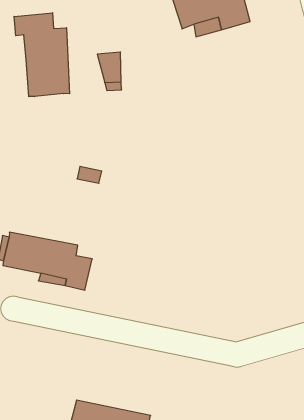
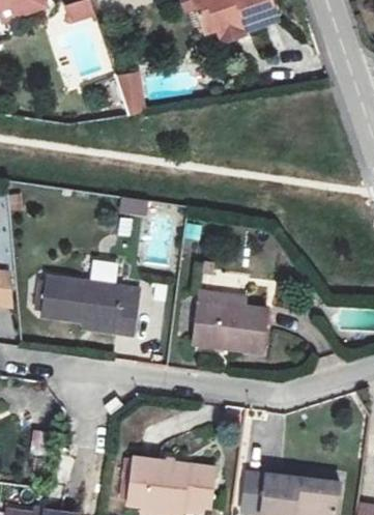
building: [14,13,70,97] -> none
building: none -> [190,298,261,349]

